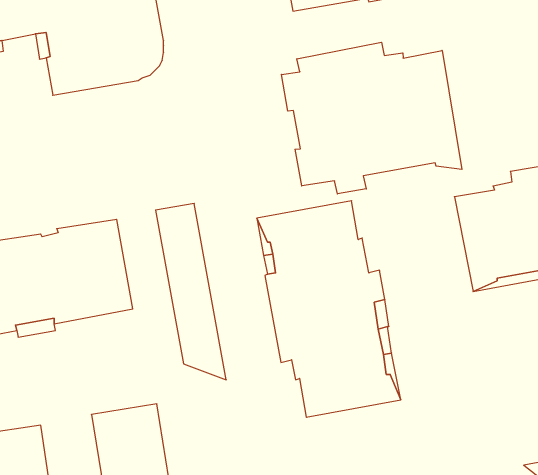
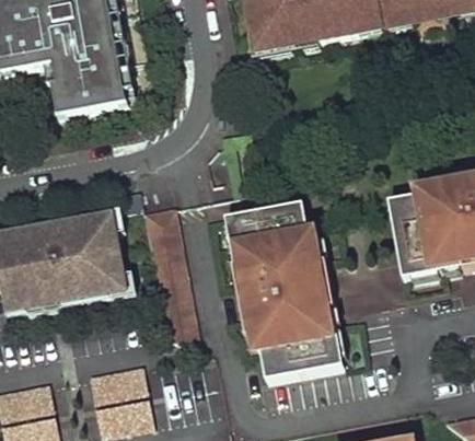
building: [281,42,462,194] -> none

